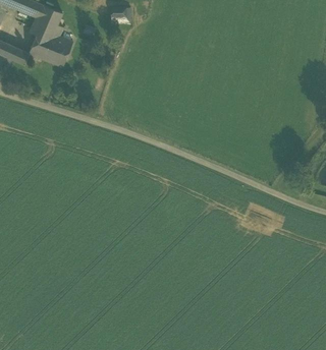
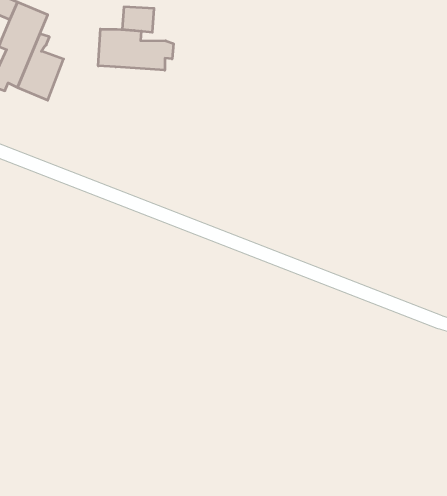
building: none -> [98,29,173,70]

